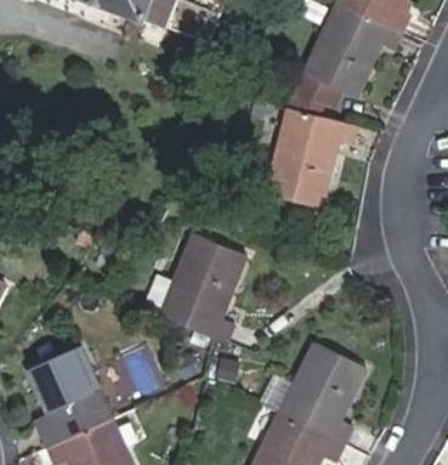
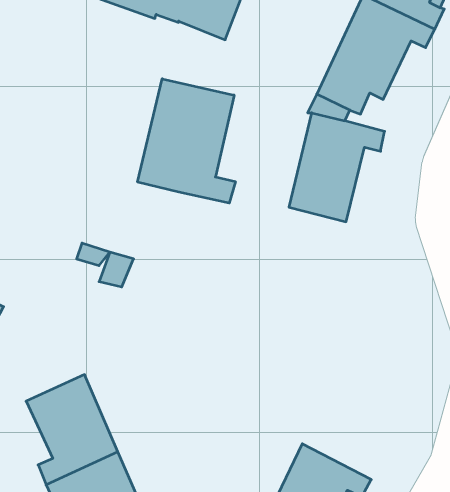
building: none -> [138,79,235,203]
building: [161,239,243,341] -> none
building: [280,342,364,443] -> none

